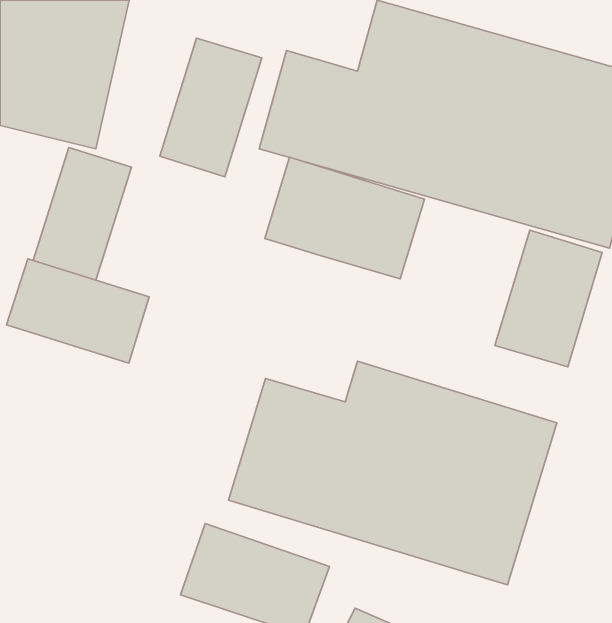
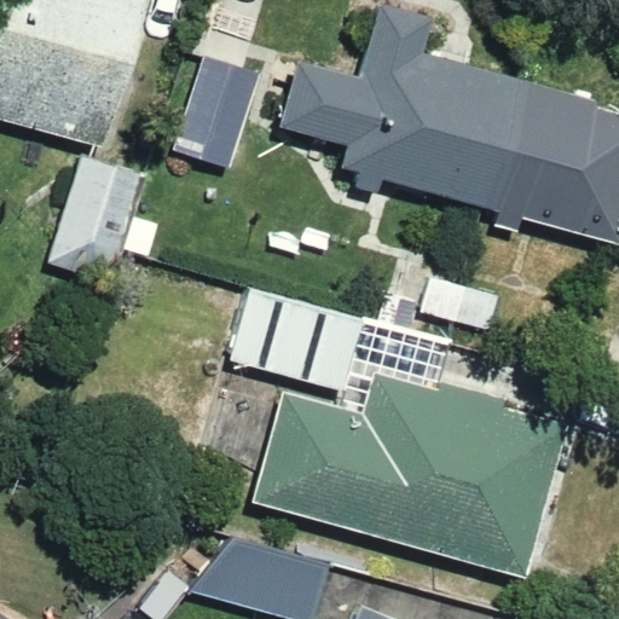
building: [265,157,425,279] -> [222,280,380,400]
building: [495,230,602,367] -> none
building: [6,259,149,363] -> none

